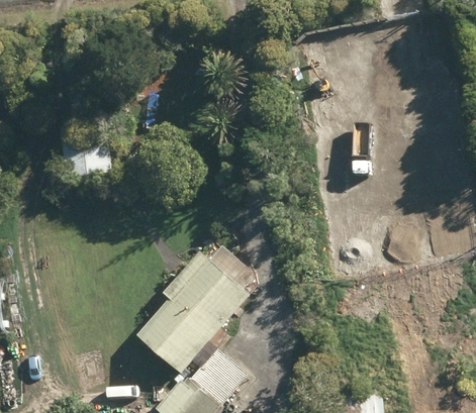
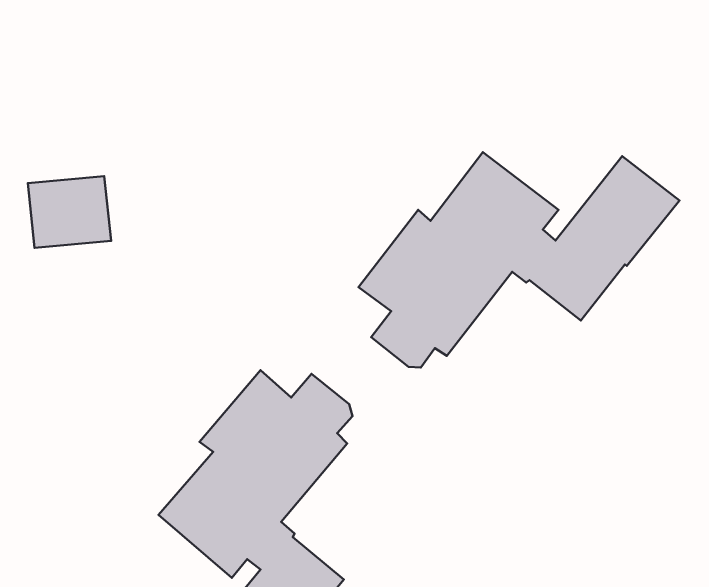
building: none -> [359,152,680,367]

